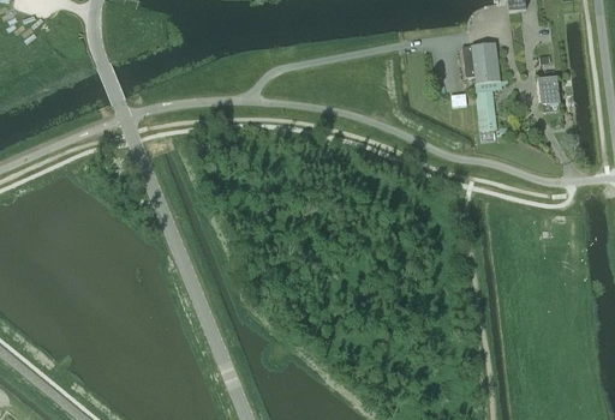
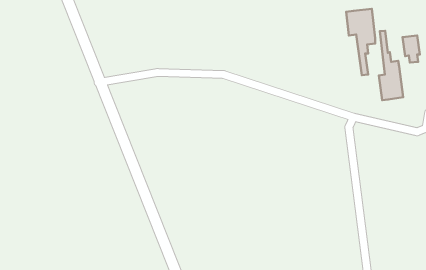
building: none -> [379,31,403,100]

